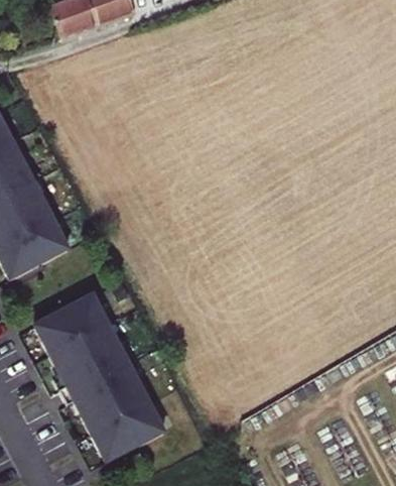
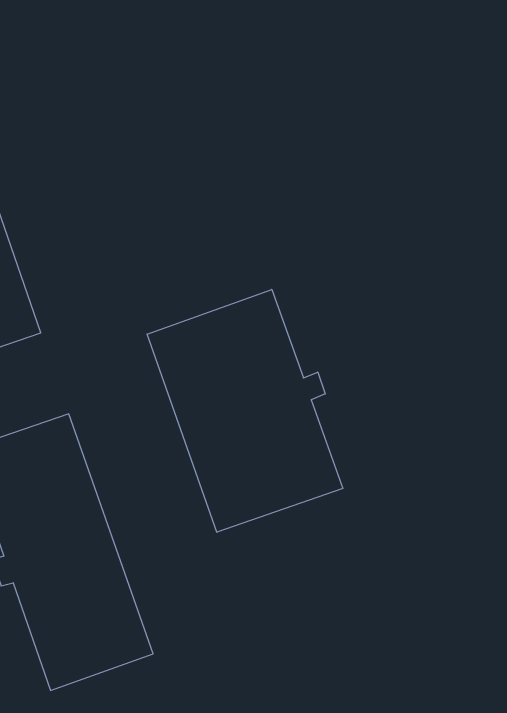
building: none -> [147,289,343,532]

